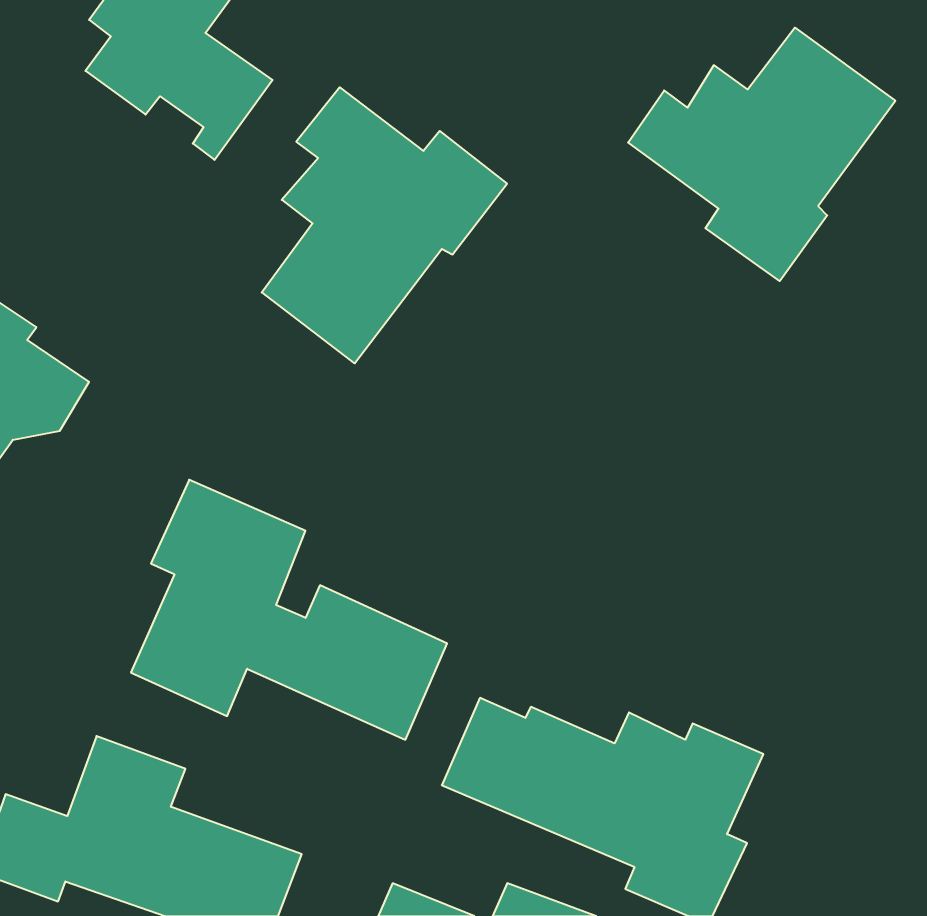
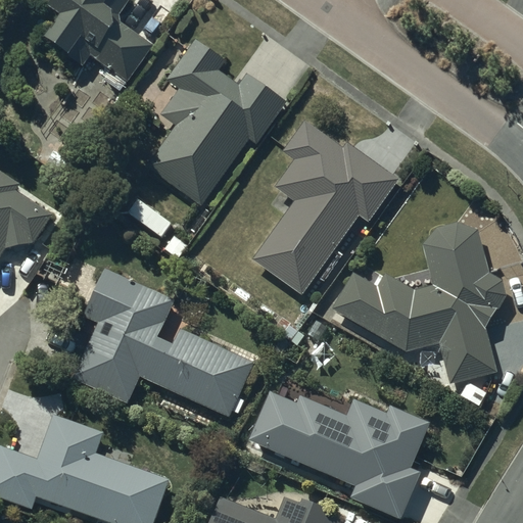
building: [628,28,895,281] -> none
building: none -> [252,121,396,293]
building: none -> [332,224,504,383]

